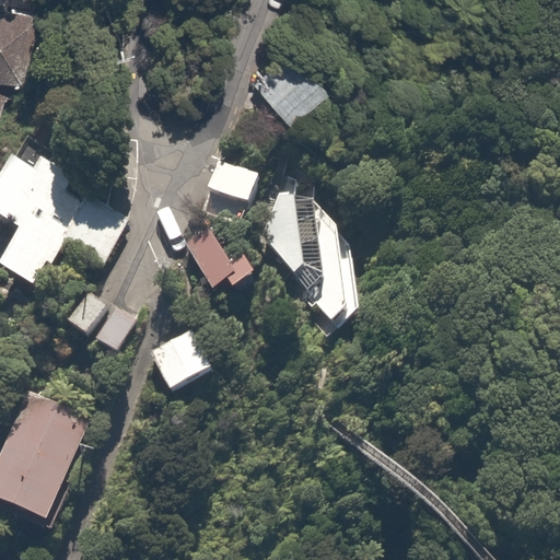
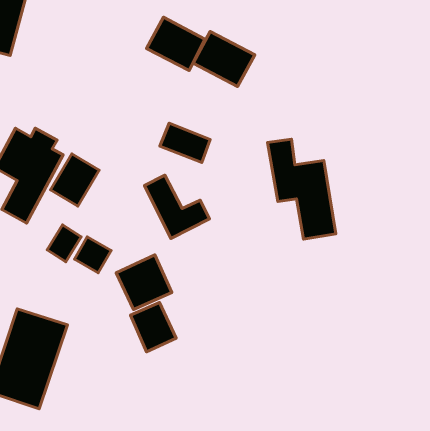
building: none -> [147,17,205,71]
building: [267,189,354,317] -> [268,139,336,239]
building: none -> [130,302,176,352]

